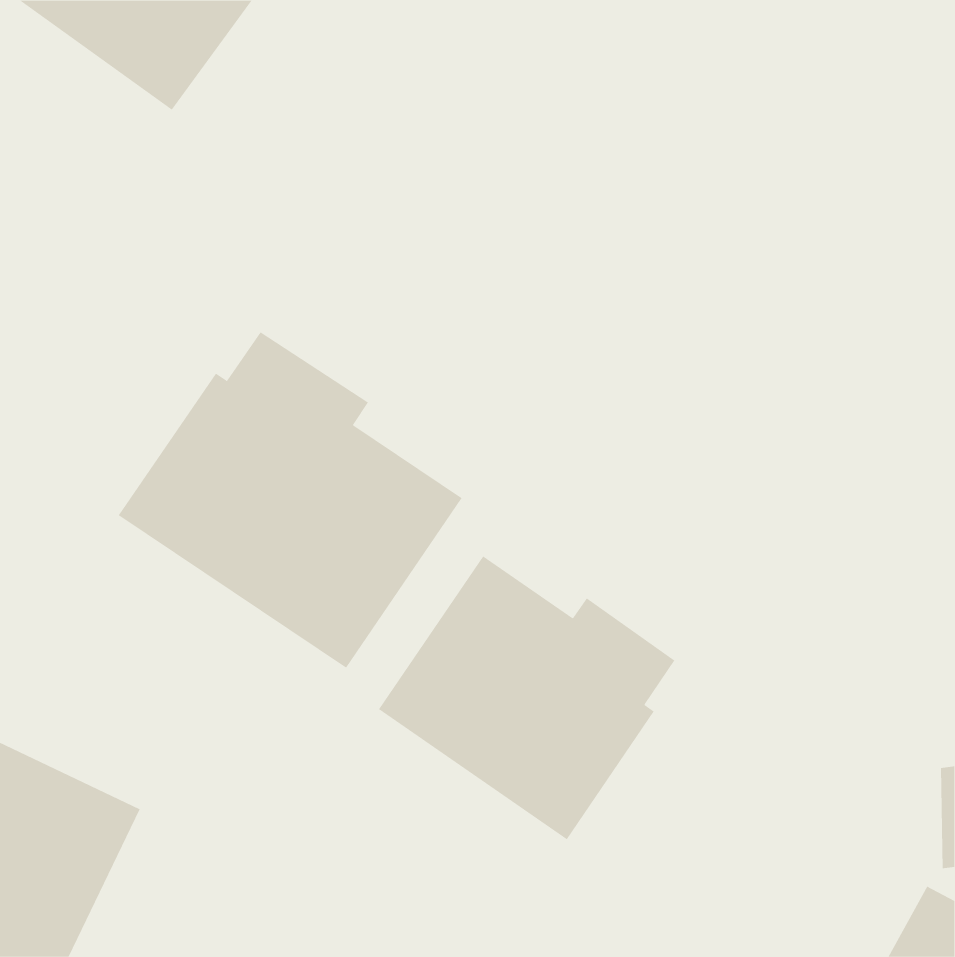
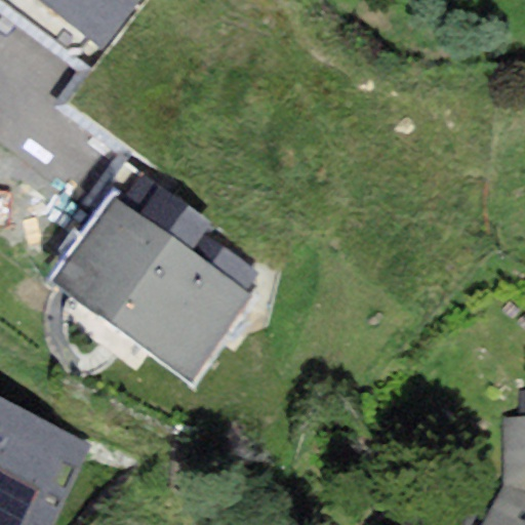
building: [378,555,675,840] -> none

